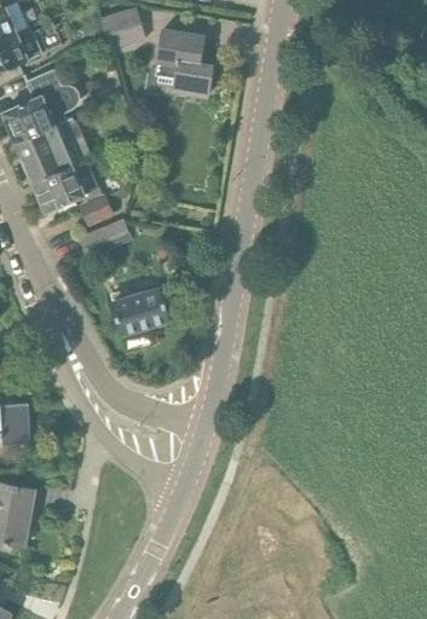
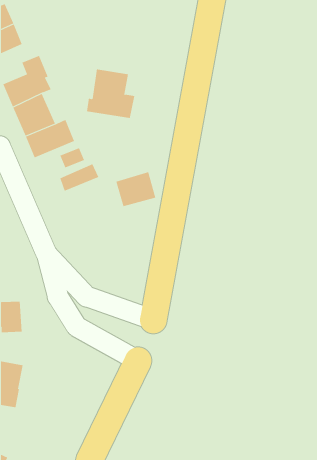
building: [102,7,146,51] -> none
building: [148,29,213,96] -> [86,69,135,119]
building: [115,287,169,334] -> [116,171,156,207]

